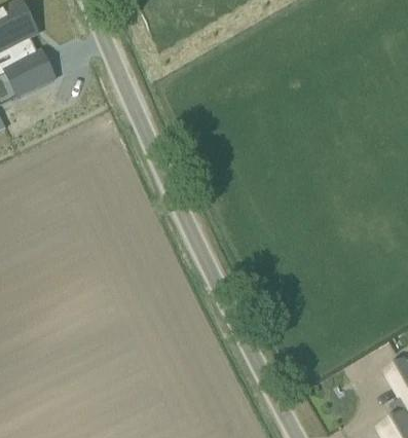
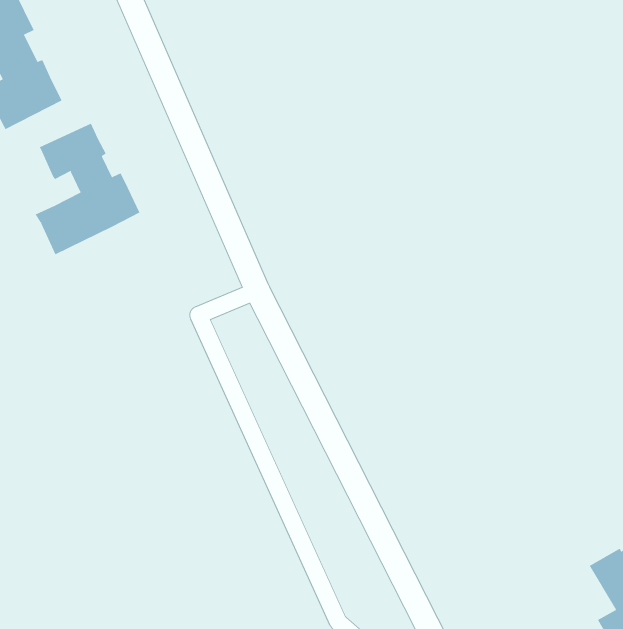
building: none -> [35,123,140,255]

